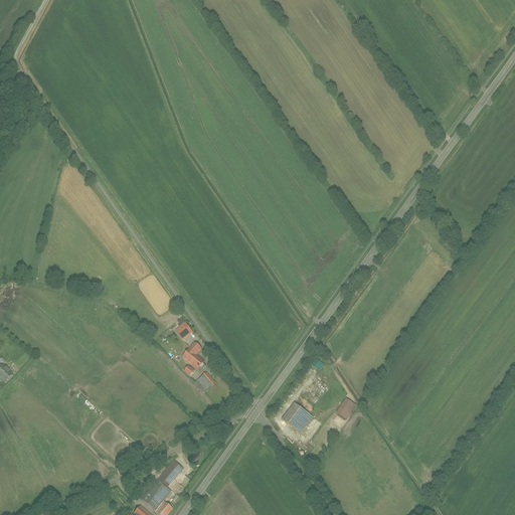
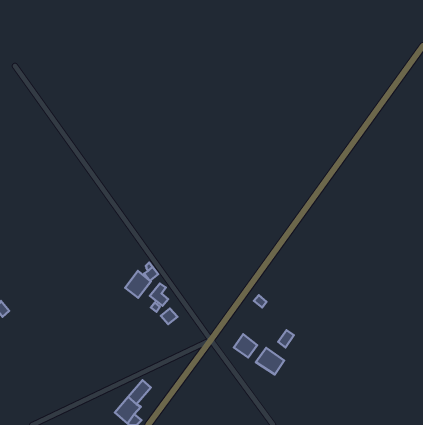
building: none -> [125,271,151,298]
building: none -> [256,348,284,375]

